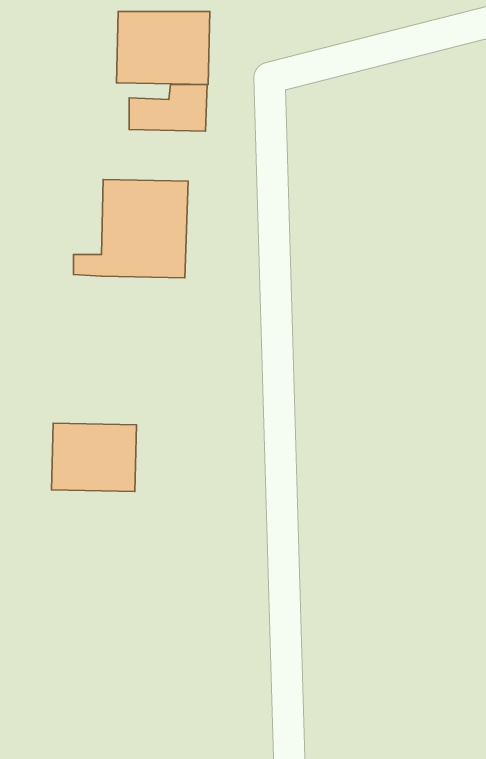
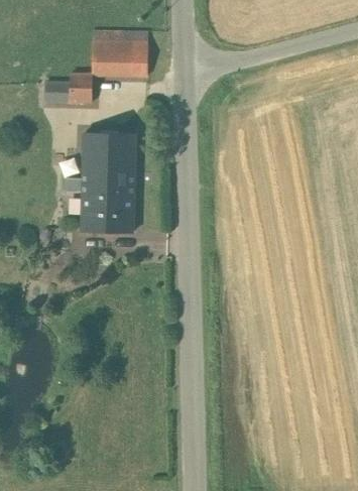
building: [129,85,207,131] -> [55,76,103,104]
building: [52,423,136,491] -> [92,193,143,234]

